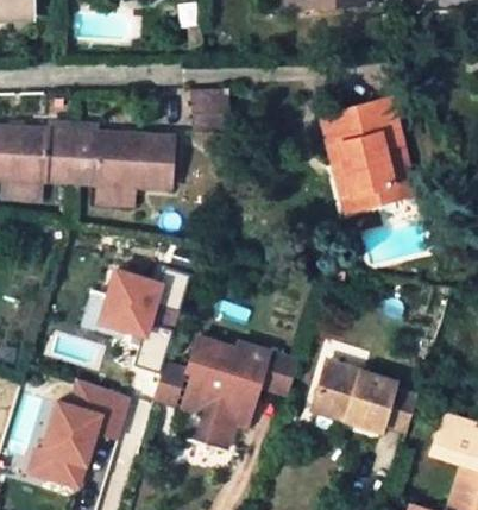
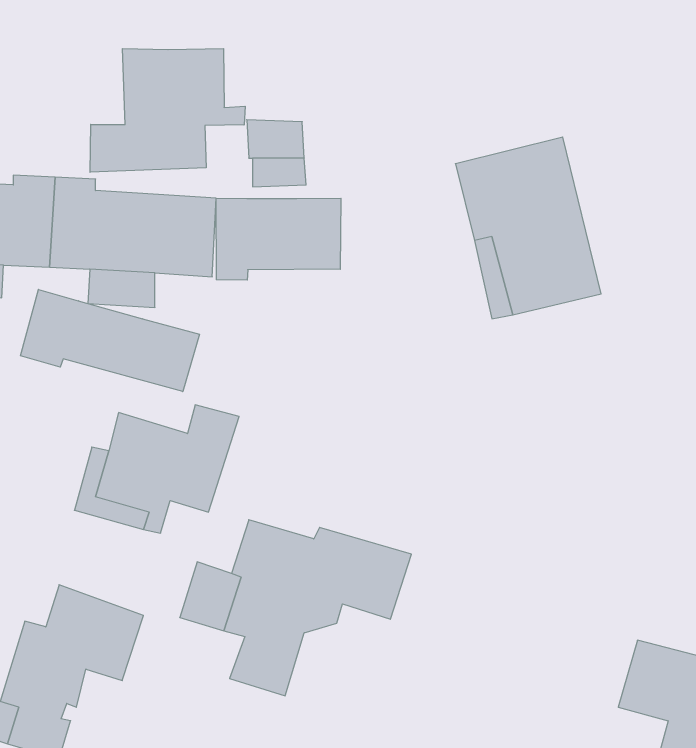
building: none -> [90,49,245,172]
building: none -> [216,198,341,280]
building: none -> [21,289,200,392]
building: [313,361,414,434] -> none

